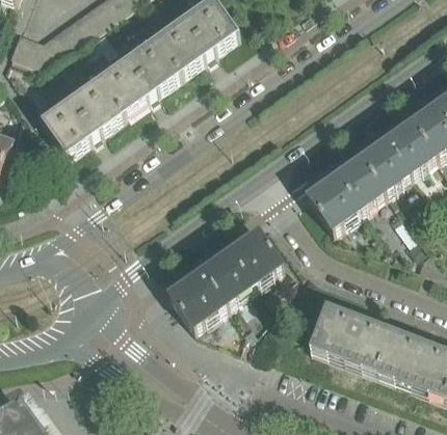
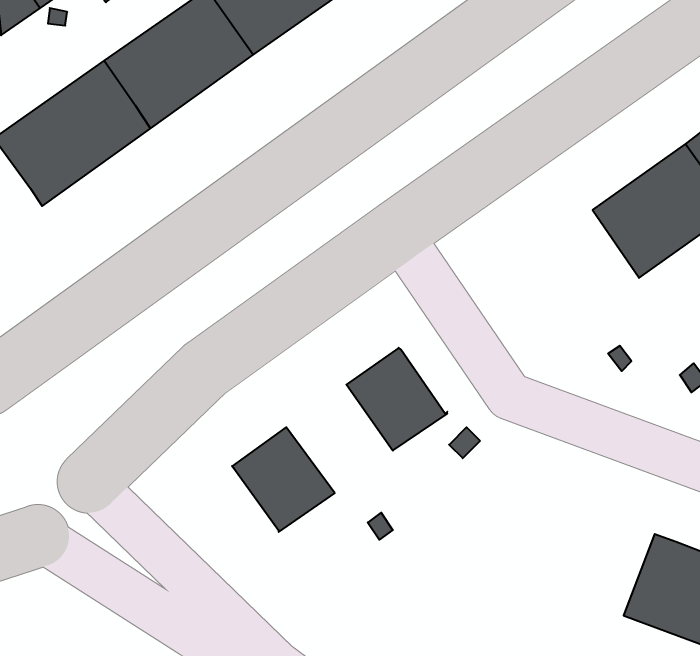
building: [305,155,385,229] -> none
building: [195,248,253,306] -> none
building: [307,302,393,372] -> none

